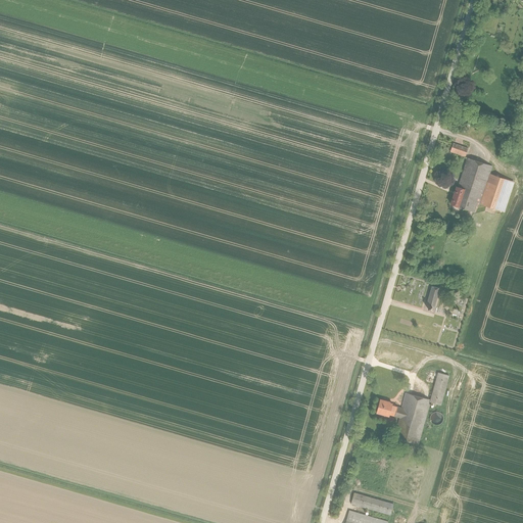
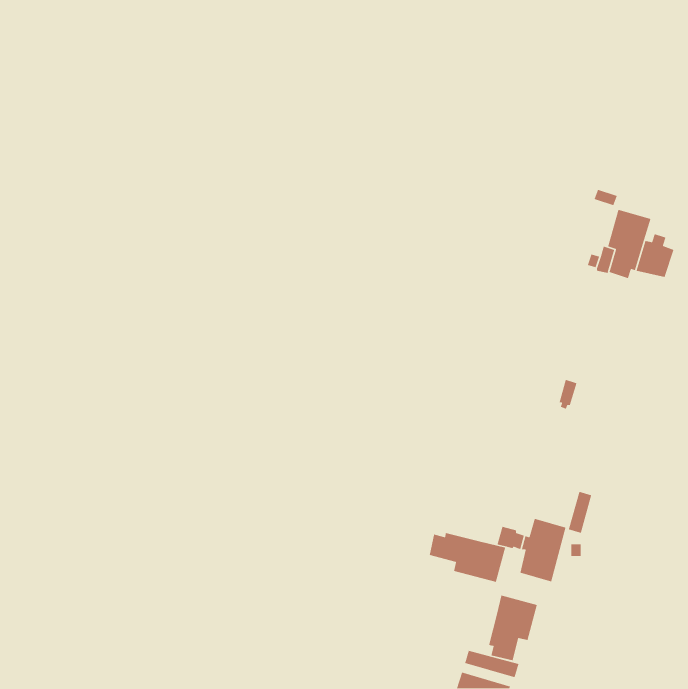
building: none -> [429,532,506,583]
building: none -> [488,594,538,661]

